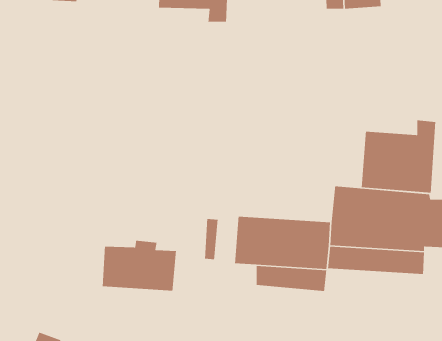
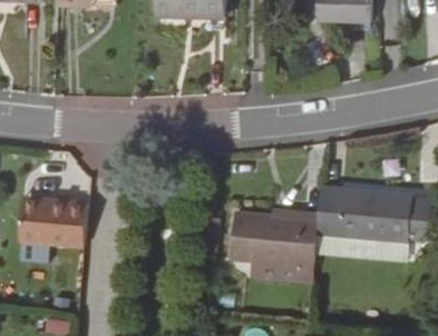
building: [361,119,436,194] -> none
building: [102,240,177,292] -> [19,197,88,245]

